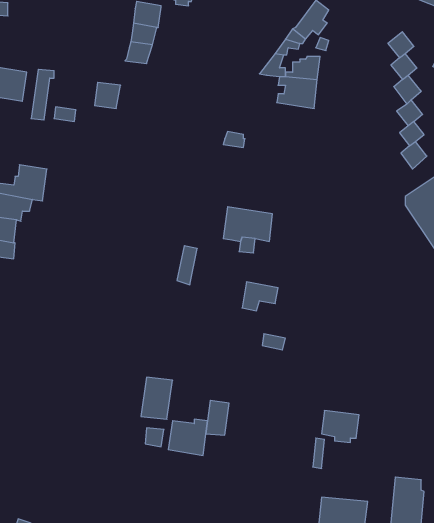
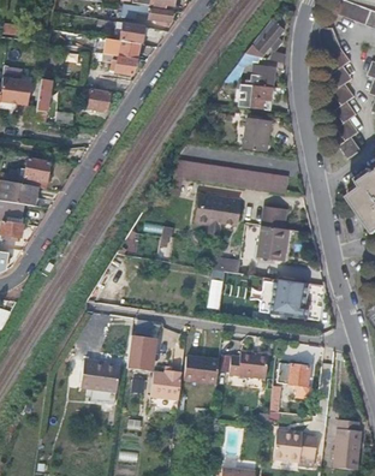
building: none -> [242,117,272,151]
building: none -> [179,160,288,192]
building: none -> [260,210,288,262]
building: none -> [273,276,310,319]
building: none -> [228,349,268,376]
building: none -> [196,356,219,386]
building: none -> [79,359,118,392]

